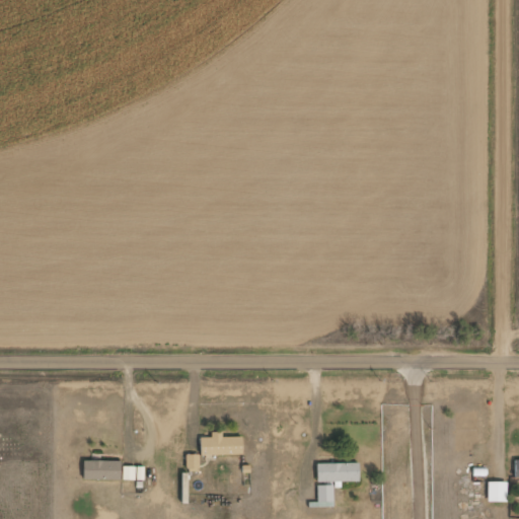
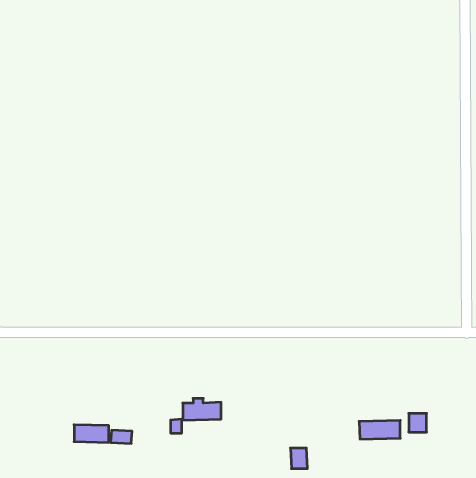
building: [316,462,361,483] -> [359,420,400,439]
building: [489,481,508,502] -> [409,413,427,432]

